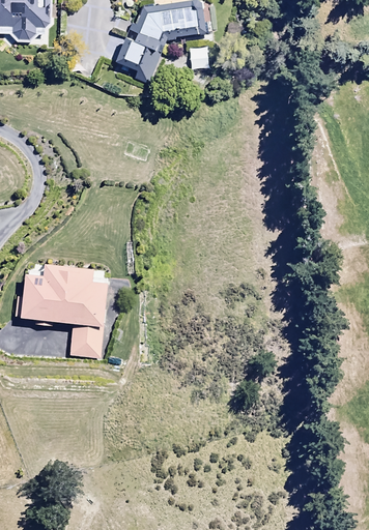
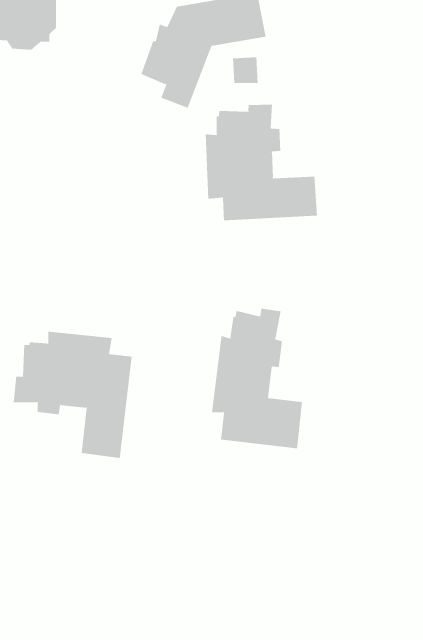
building: none -> [205,104,317,221]
building: none -> [211,308,303,449]

